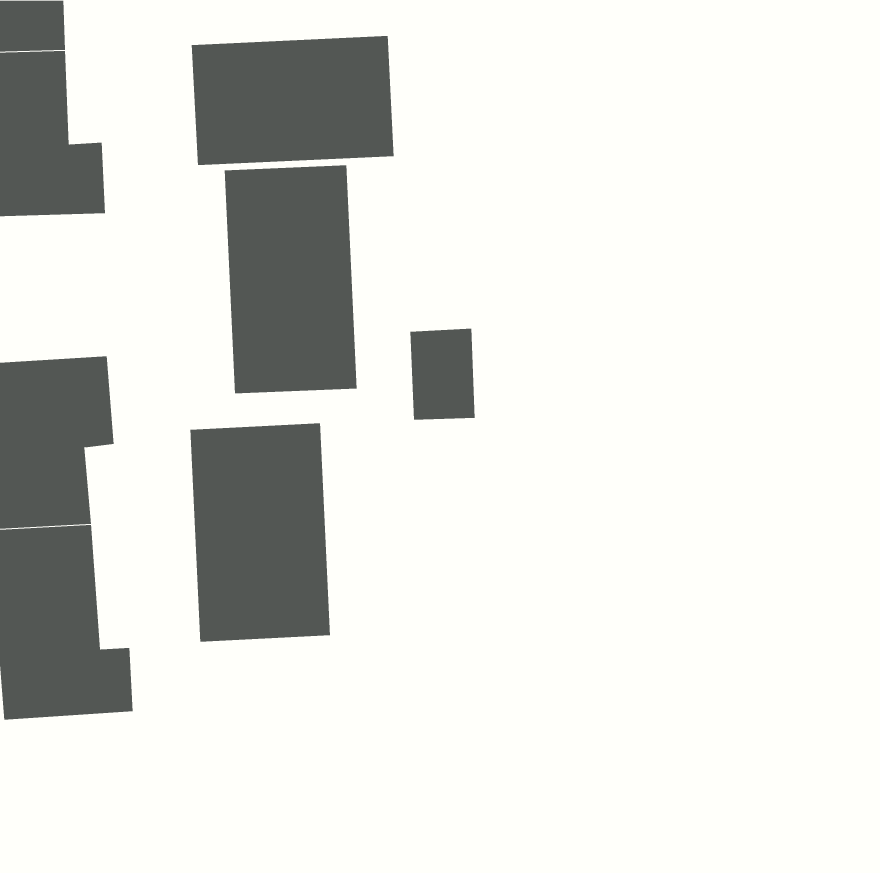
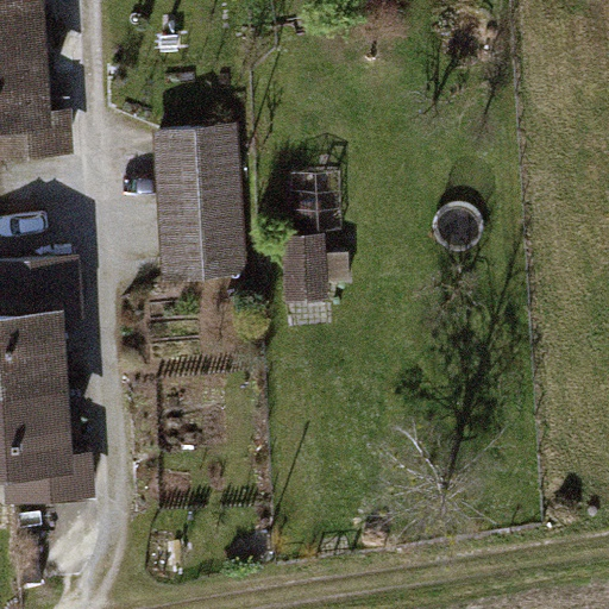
building: [191,35,394,166] -> none
building: [190,423,330,643] -> none

